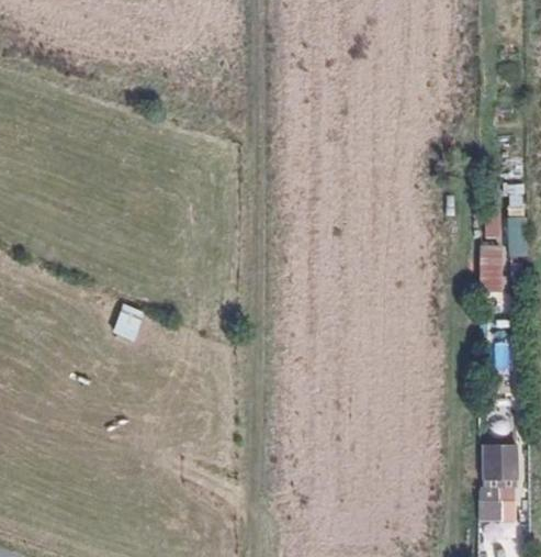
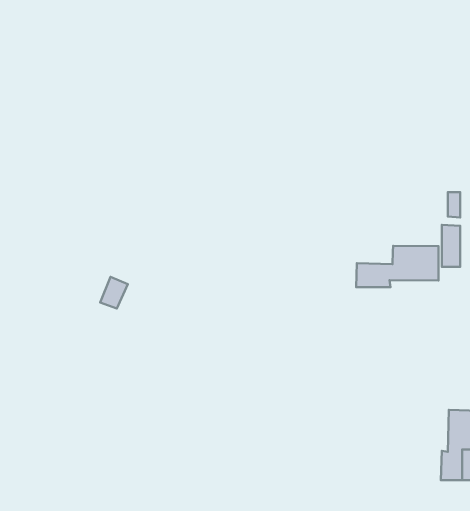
building: none -> [356,246,438,287]

